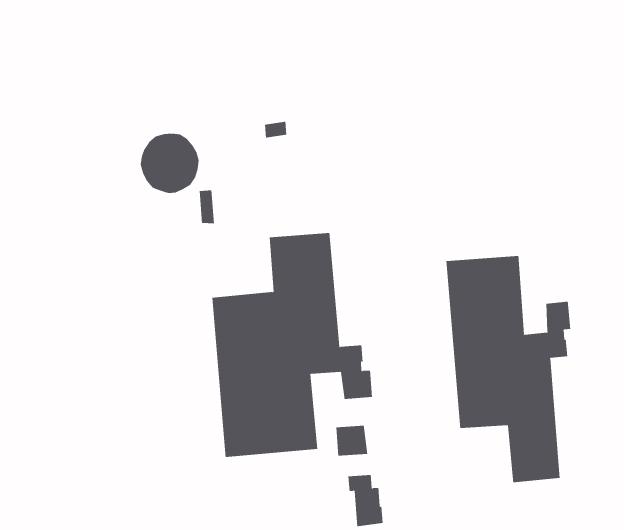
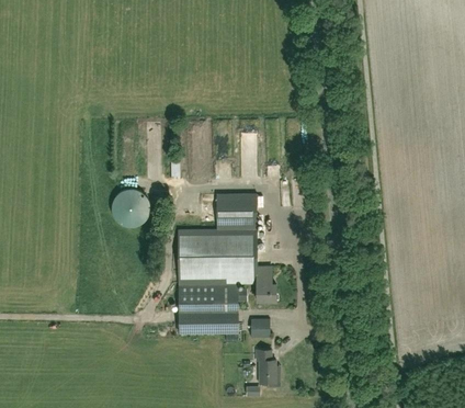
building: [140,133,200,193] -> [112,190,150,228]
building: [446,255,571,483] -> none

